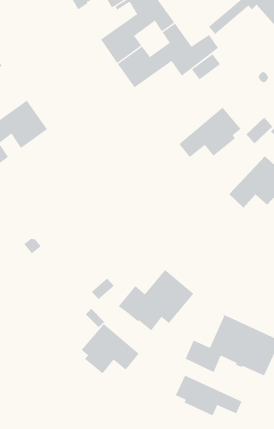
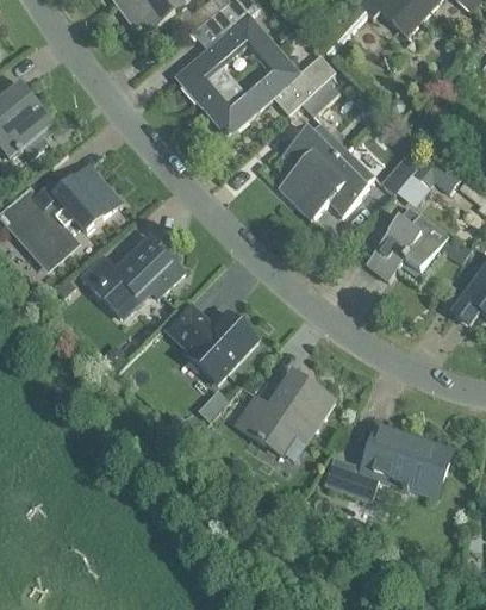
building: none -> [276,122,347,203]
building: none -> [81,235,183,316]
building: none -> [166,304,256,381]
building: [81,323,140,374] -> none
building: [175,375,242,416] -> none

